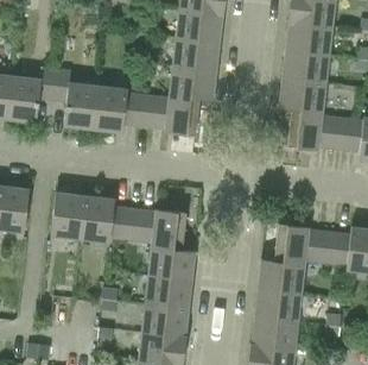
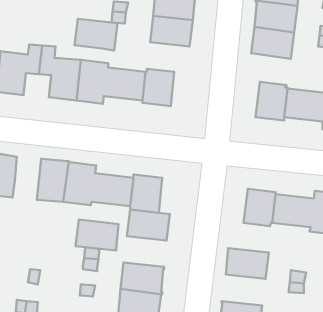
building: [170,65,216,100] -> [75,19,117,51]
building: [279,77,325,114] -> none
building: [258,258,305,292] -> none
building: [145,275,191,308] -> [76,220,119,250]
building: [250,316,298,350] -> none

